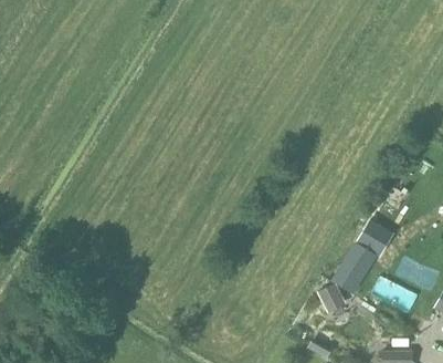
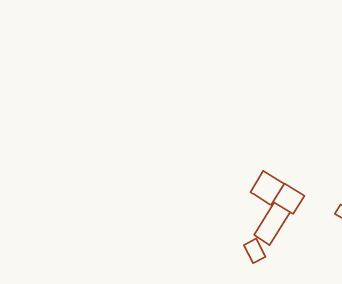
building: none -> [250,171,284,205]

